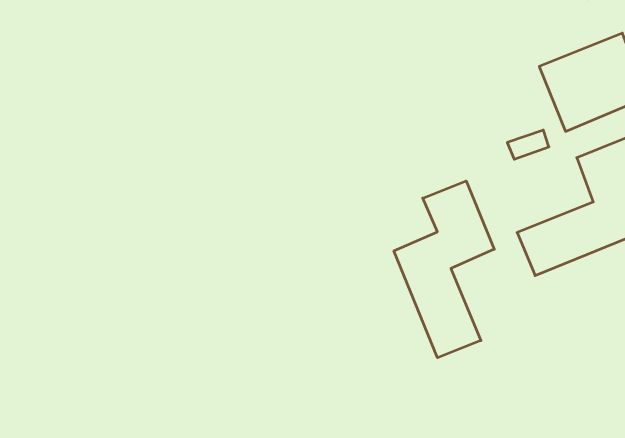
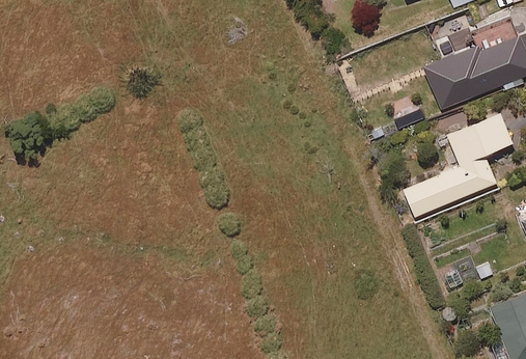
building: [394,181,494,358] -> none

